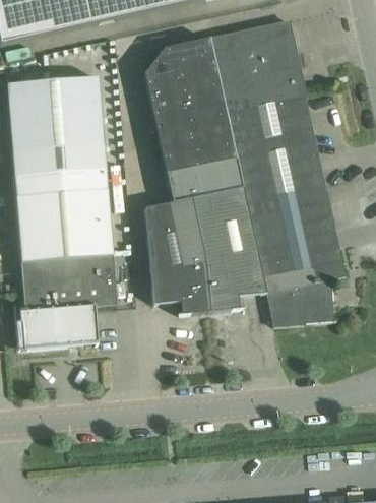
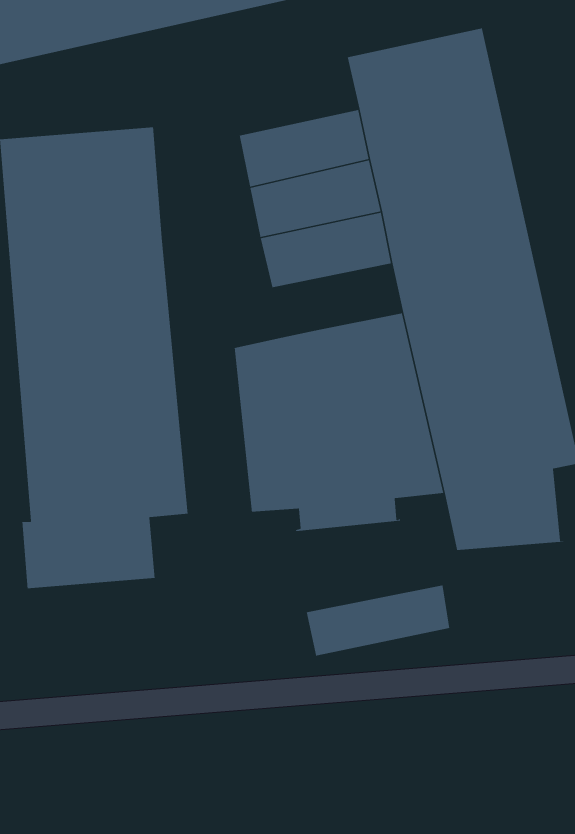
building: [143,36,216,81] -> none
building: [166,156,242,199] -> none
building: none -> [306,584,450,657]

